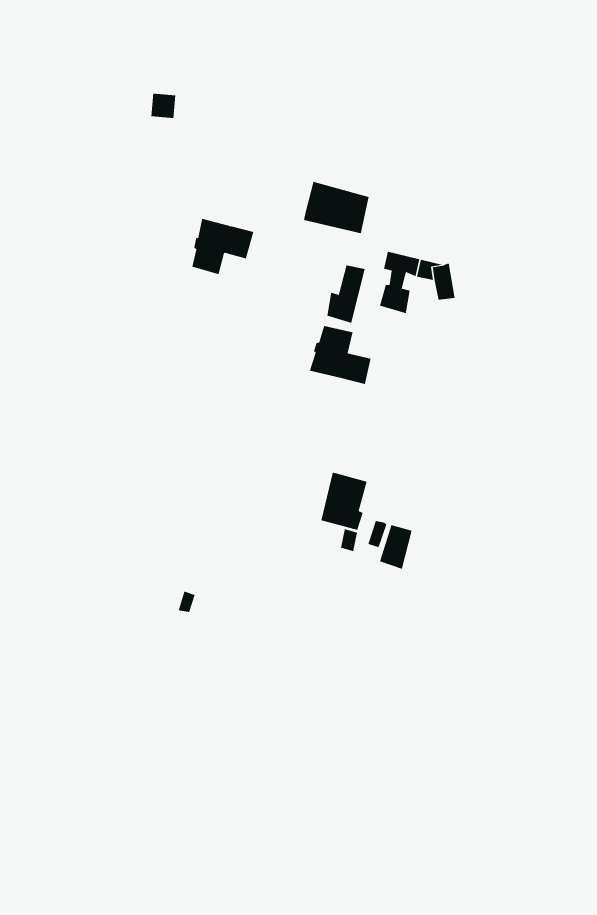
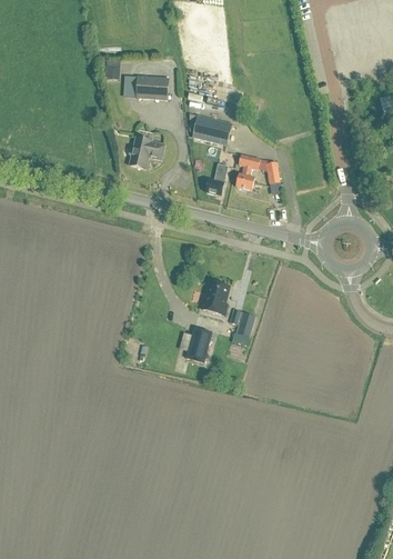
building: none -> [135,76,168,99]
building: [309,325,371,385] -> none
building: none -> [185,327,211,361]

